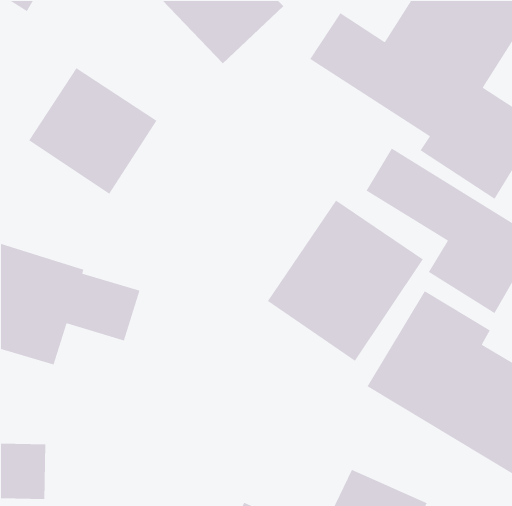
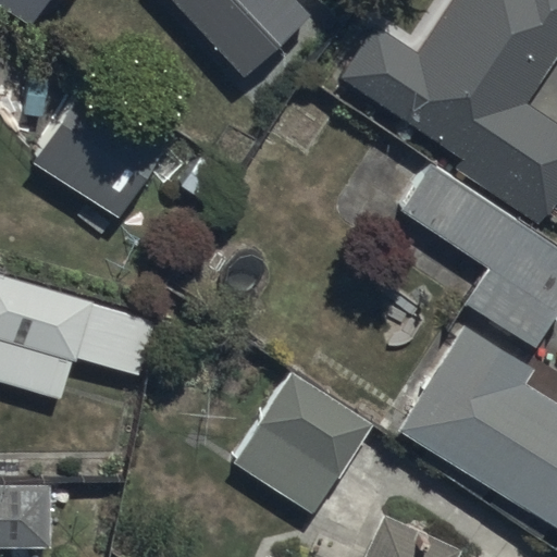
building: [267,200,424,362] -> none
building: none -> [228,370,372,517]

